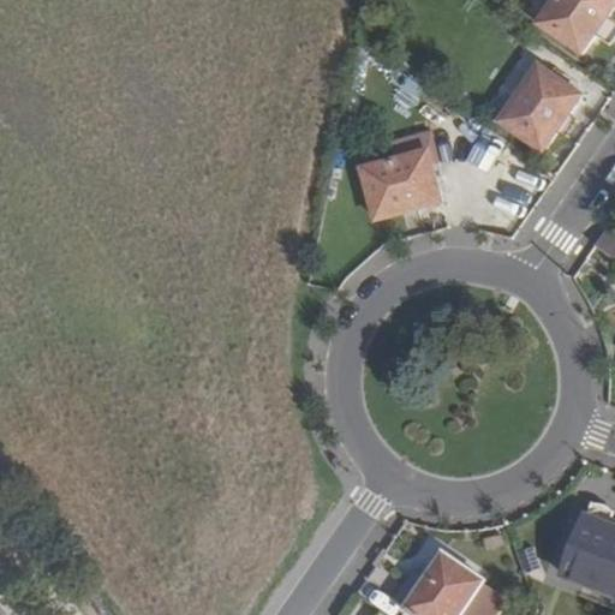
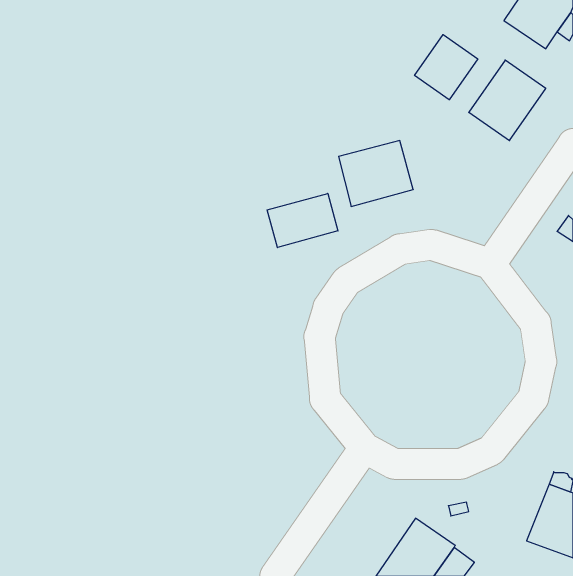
building: none -> [415,35,478,100]
building: none -> [267,193,338,248]

